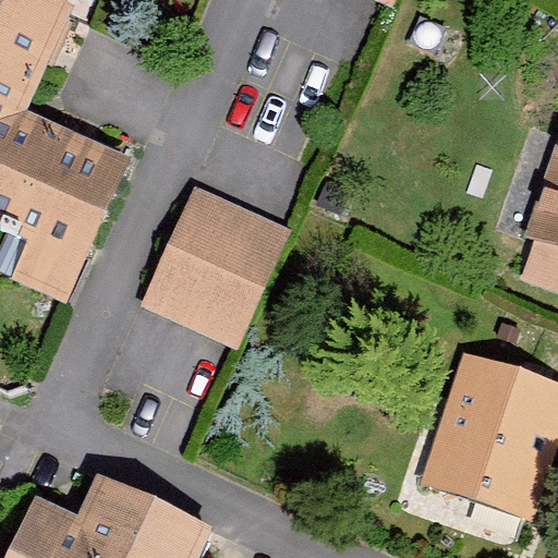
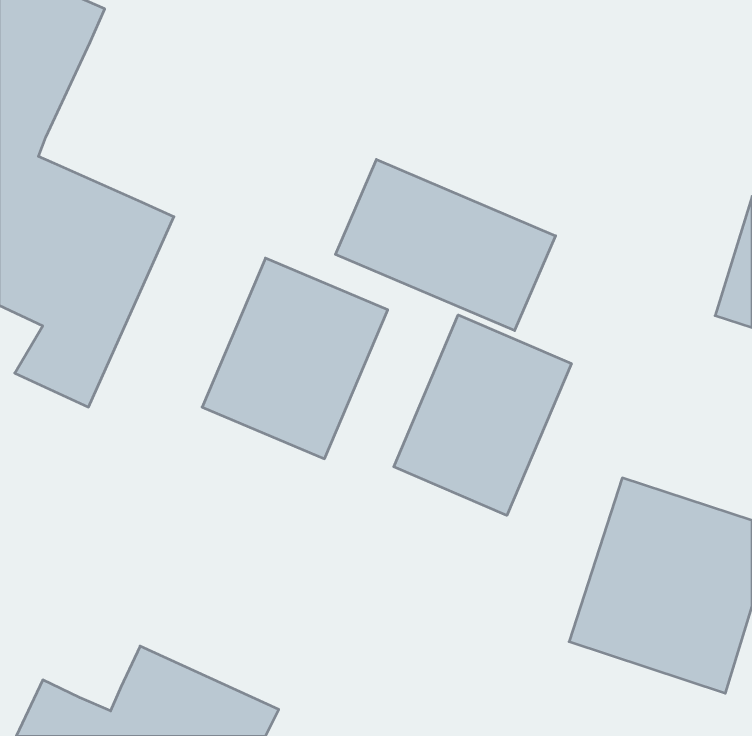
building: none -> [335,159,556,331]
building: none -> [394,315,571,515]

